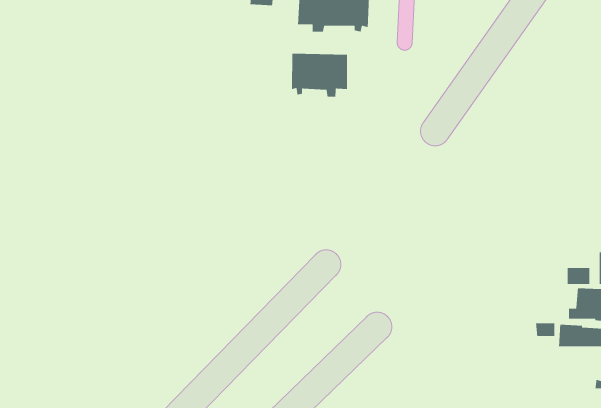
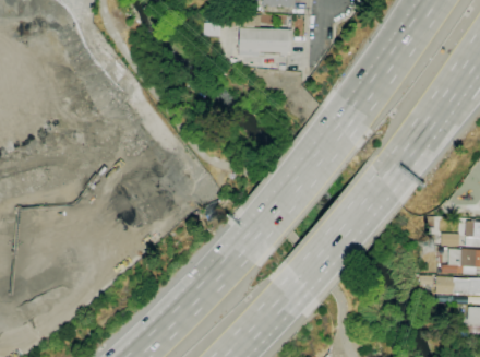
building: [291,53,348,98] -> none

